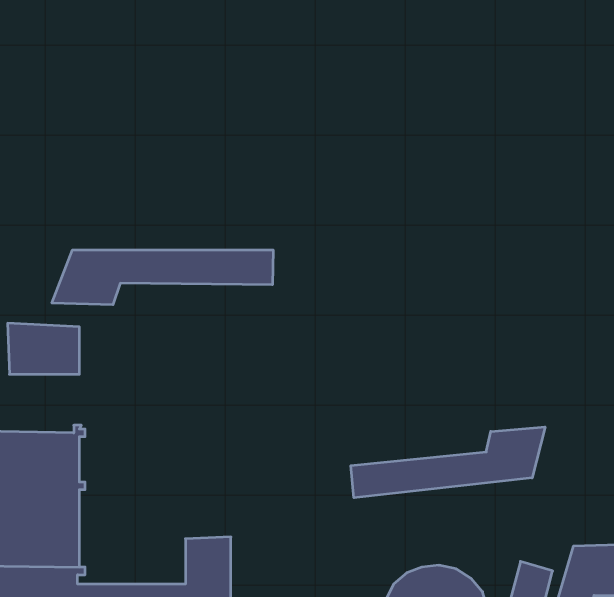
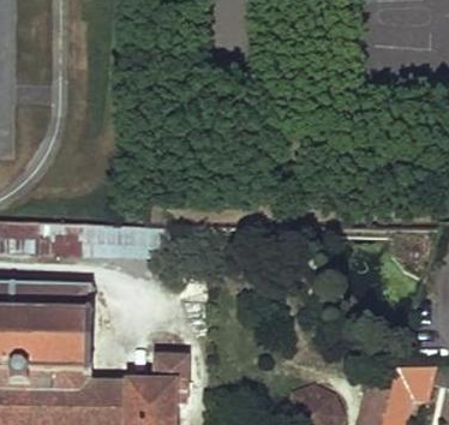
building: [52,250,273,305] -> none
building: [351,427,545,498] -> none

